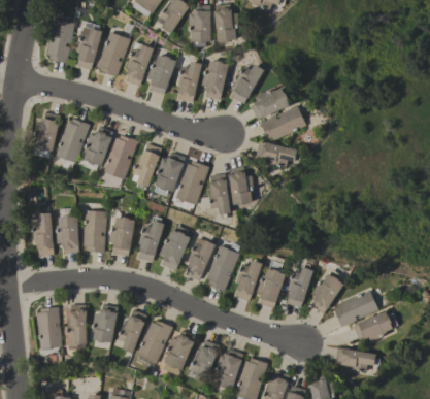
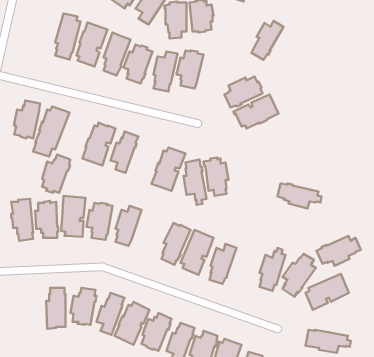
building: [46,19,74,63] -> none
building: [231,63,264,103] -> [251,21,283,60]
building: [85,126,113,165] -> [42,155,70,193]
building: [256,141,301,167] -> [277,184,322,209]
building: [156,152,186,195] -> none
building: [159,225,191,271] -> none
building: [256,263,286,308] -> none
building: [37,306,63,348] -> none
building: [353,310,398,341] -> [317,236,361,266]

